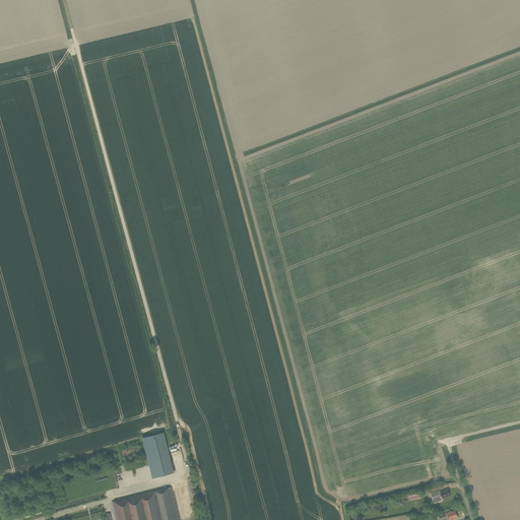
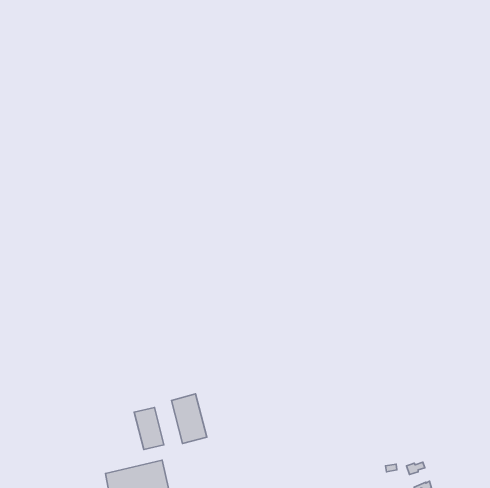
building: none -> [172,394,207,444]

